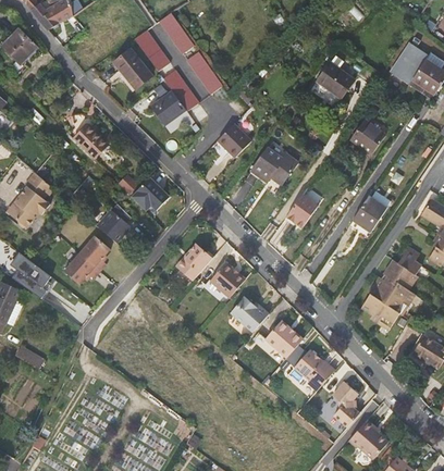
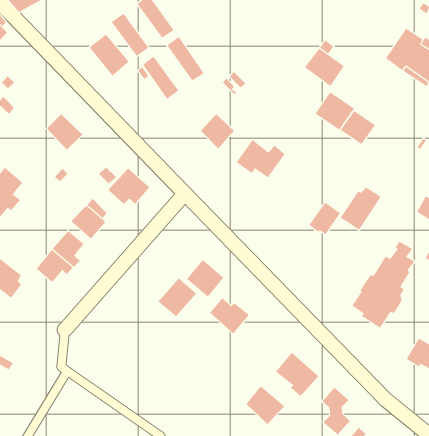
building: [151,90,186,125] -> none
building: none -> [315,91,355,131]
building: [287,195,318,226] -> [309,202,341,235]
building: [171,243,208,280] -> [158,277,197,317]
building: [261,320,298,357] -> [245,385,285,425]

